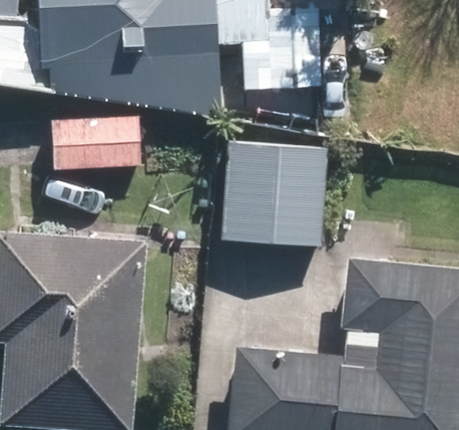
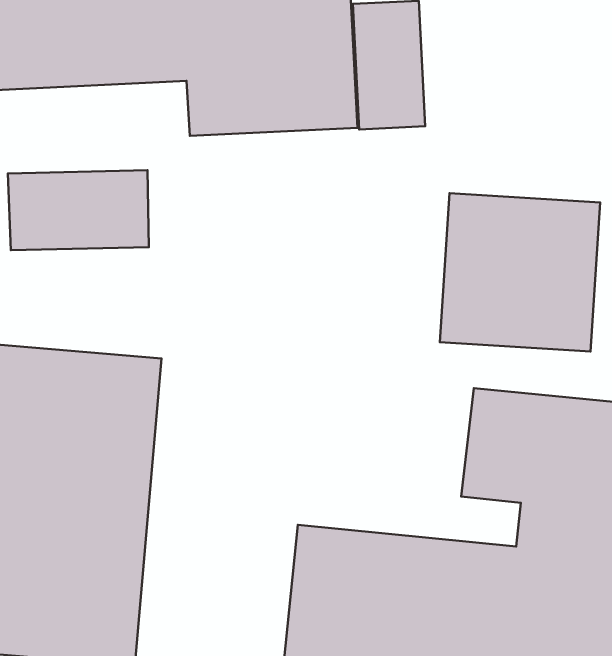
building: [223,146,326,248] -> [440,193,600,352]

